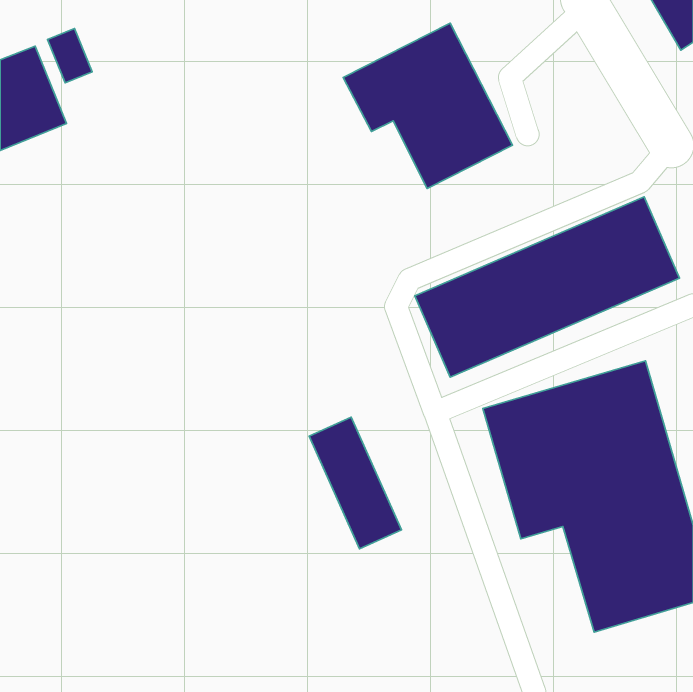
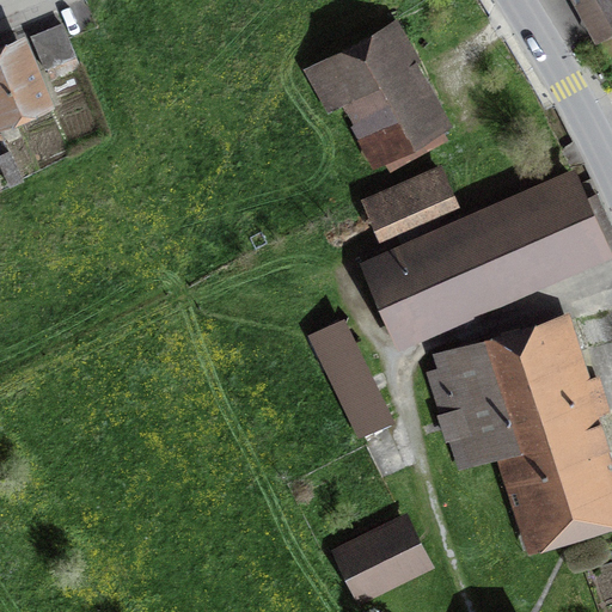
building: none -> [367,165,453,228]
building: [309,417,401,549] -> [310,320,391,436]
building: none -> [331,514,430,602]

